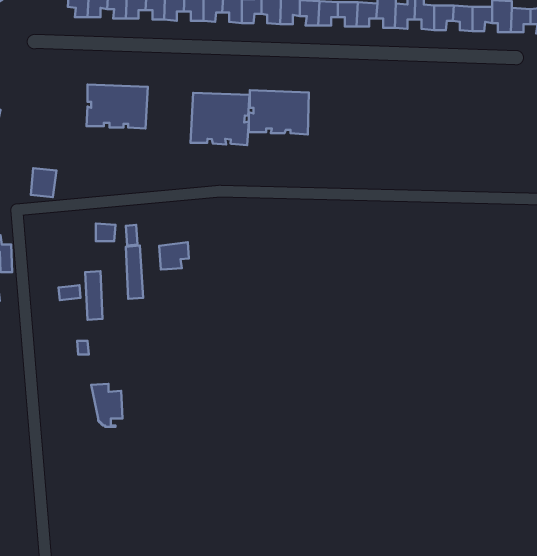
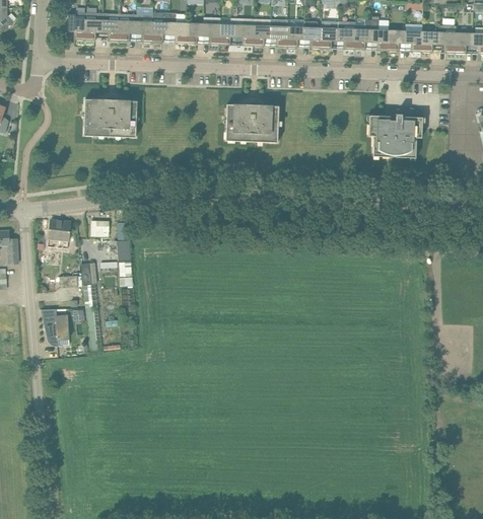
building: [191,93,249,145] -> none
building: none -> [368,106,422,157]
building: [31,168,56,197] -> [48,219,70,244]
building: [159,242,189,270] -> none
building: [91,384,122,427] -> [41,308,68,346]

